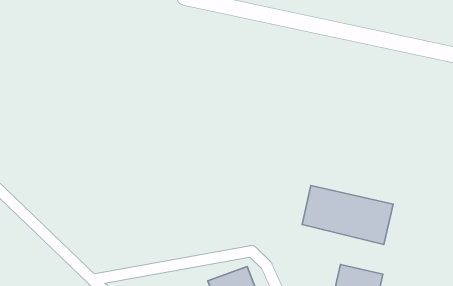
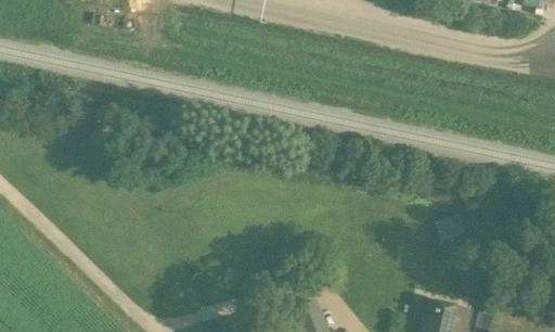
building: [302,186,393,244] -> none

